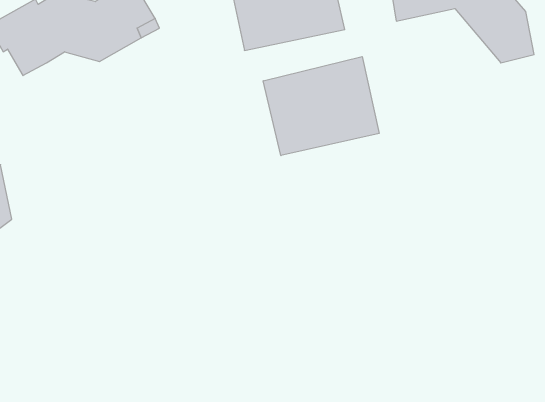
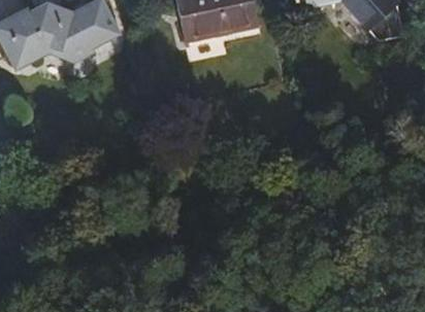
building: [263,57,379,156] -> none

